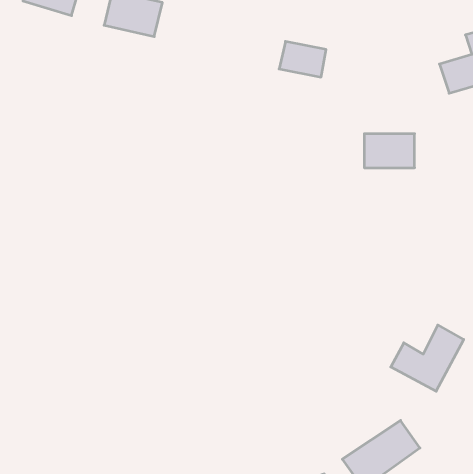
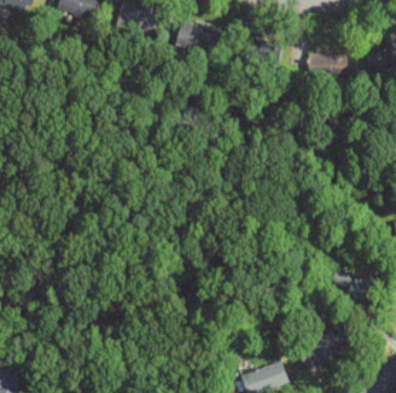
building: none -> [175,19,222,54]
building: [364,134,415,168] -> [308,53,345,78]

